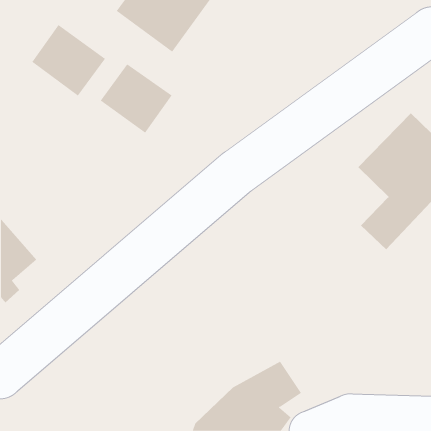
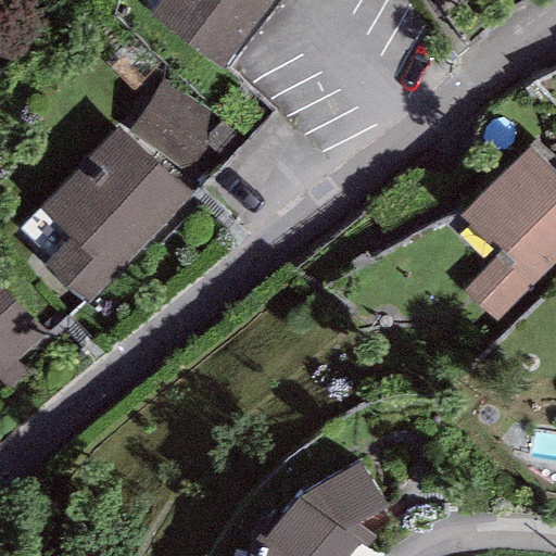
building: [31,24,106,97] -> none
building: none -> [40,125,191,304]

